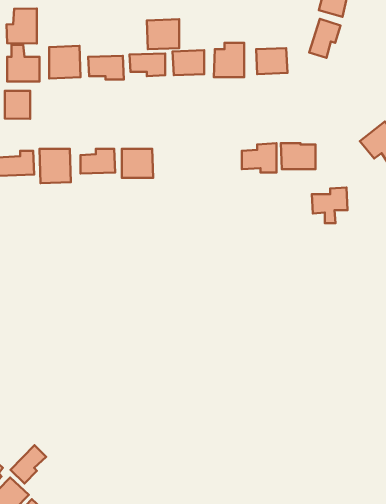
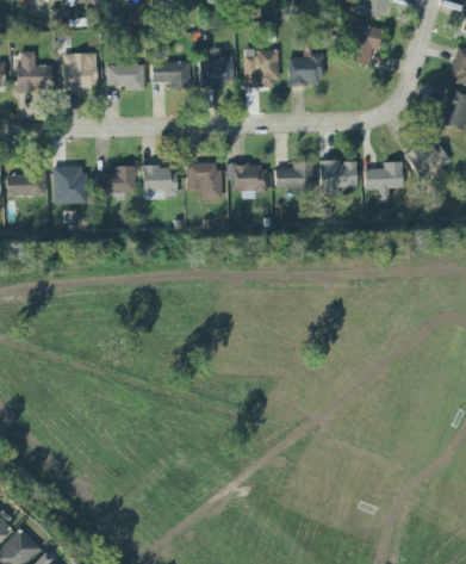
building: [7,8,37,43] -> none
building: [147,19,179,49] -> none
building: [5,91,30,119] -> none
building: none -> [186,162,222,200]
building: none -> [232,163,267,192]
building: [312,188,348,223] -> [364,161,403,200]
building: [11,445,46,483] -> none

